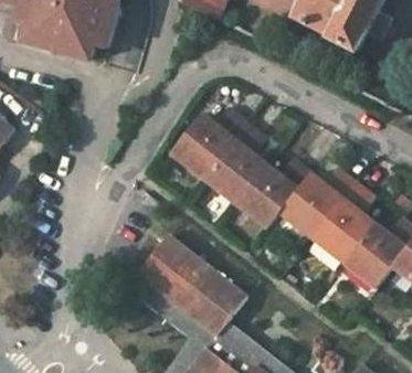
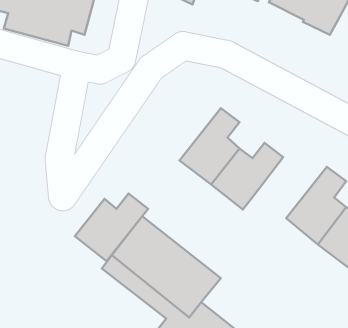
building: [172,109,246,178] -> [75,194,148,261]
building: [281,169,353,236] -> none

